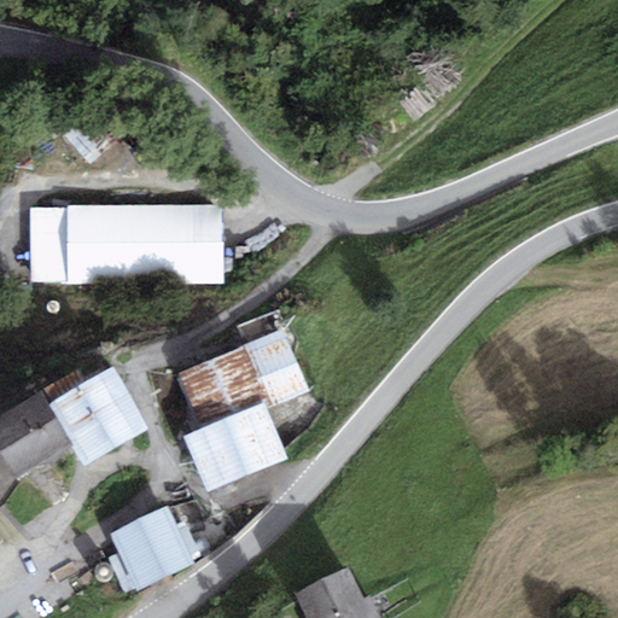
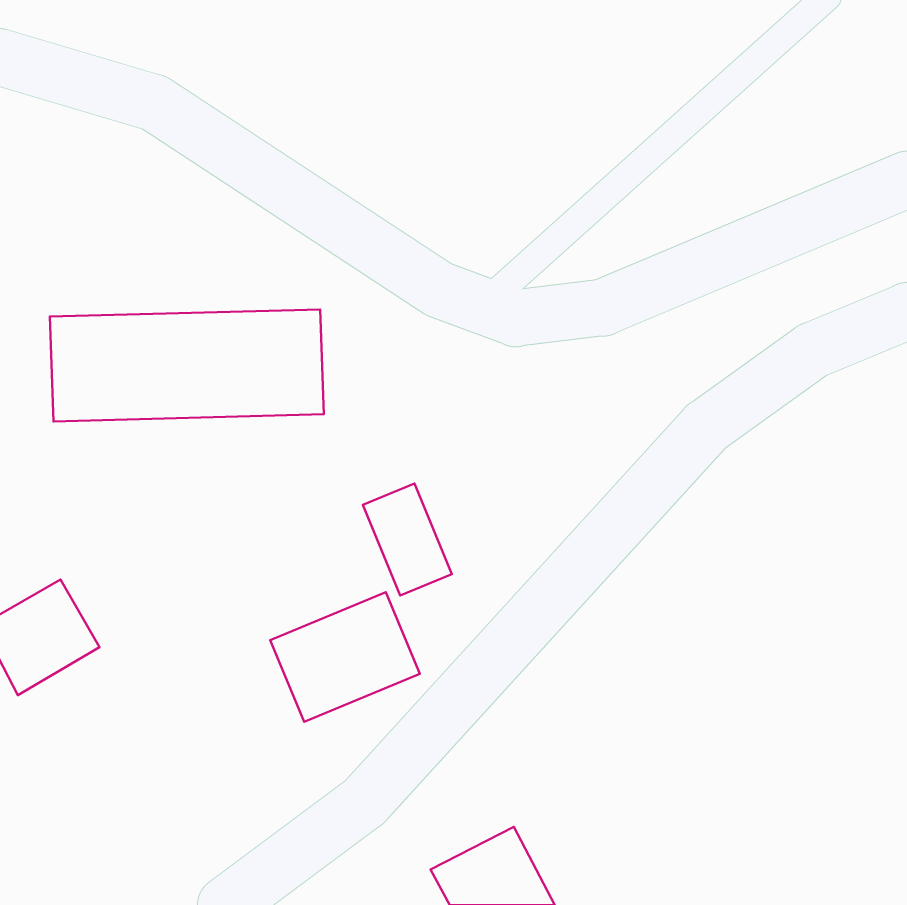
building: [179,344,262,421] -> none
building: [49,365,146,459] -> none
building: [109,505,194,589] -> none

